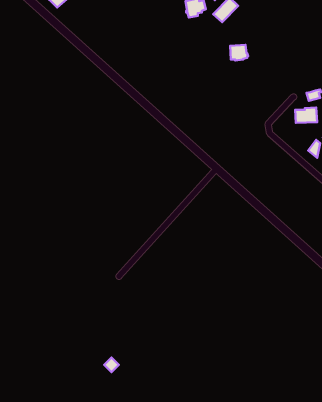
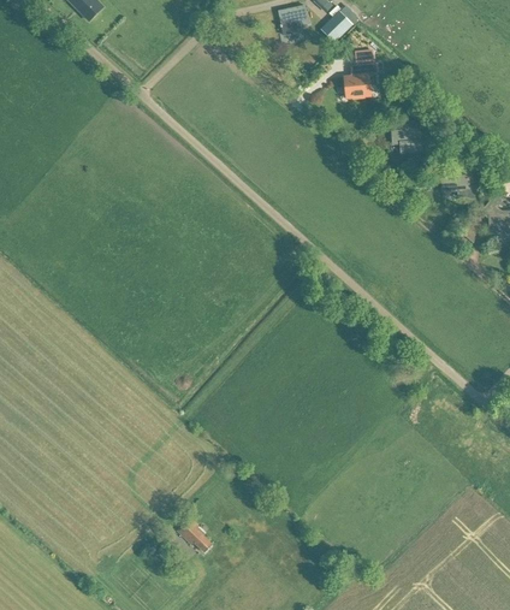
building: none -> [393,123,422,154]
building: none -> [177,519,212,552]

